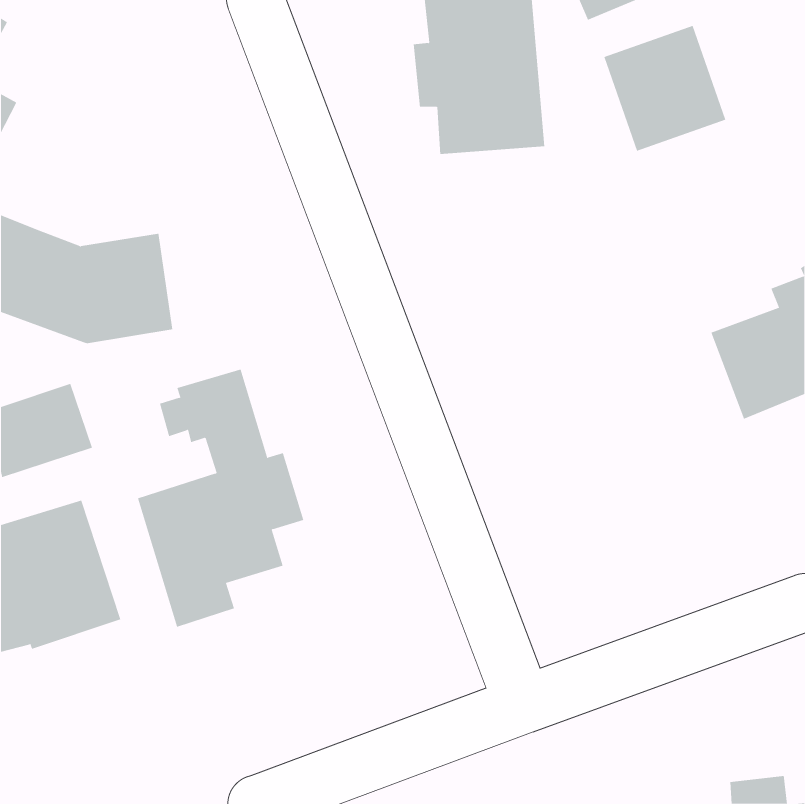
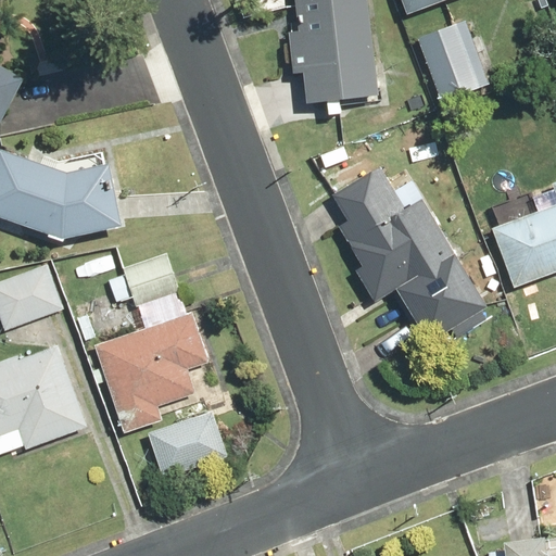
building: none -> [333,165,486,352]
building: none -> [149,413,226,473]

